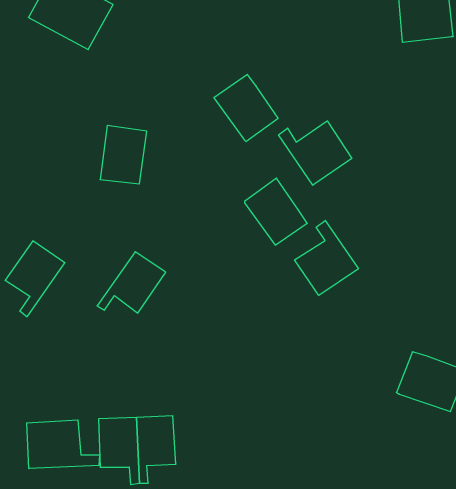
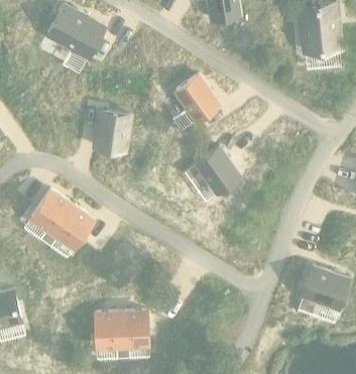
building: [279,121,352,185] -> none
building: [295,220,358,295] -> none
building: [97,252,166,313] -> [44,206,92,248]
building: [27,420,100,469] -> none

